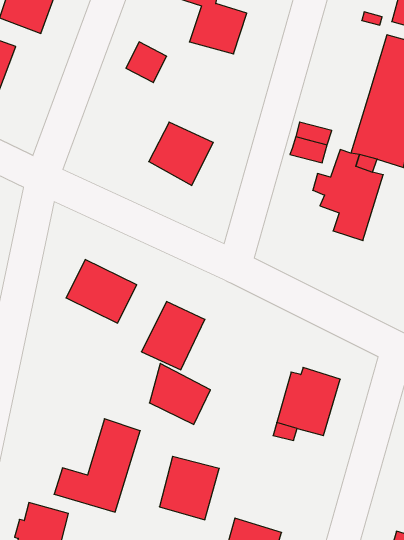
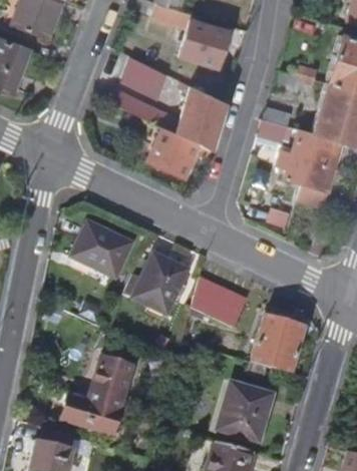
building: none -> [113,68,220,131]
building: [149,363,210,424] -> [192,277,243,328]
building: [159,456,219,520] -> [219,386,269,439]

